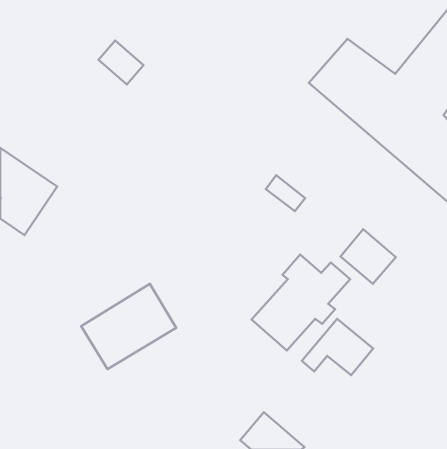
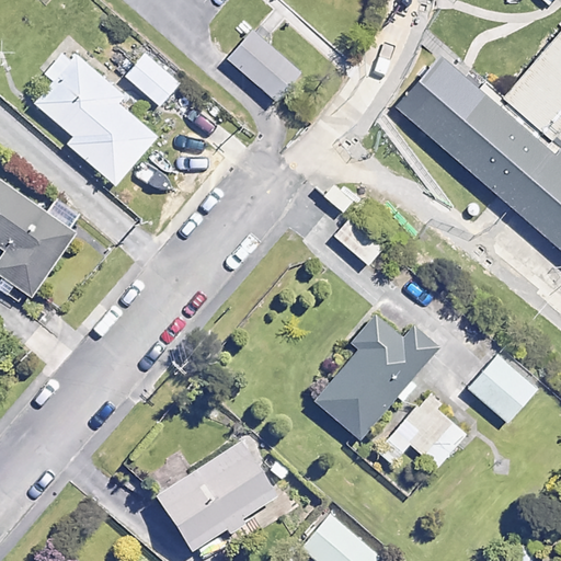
building: none -> [229,28,307,103]
building: none -> [36,46,159,185]
building: [340,229,396,284] -> [468,353,537,421]
building: [81,284,176,369] -> [157,444,275,550]

